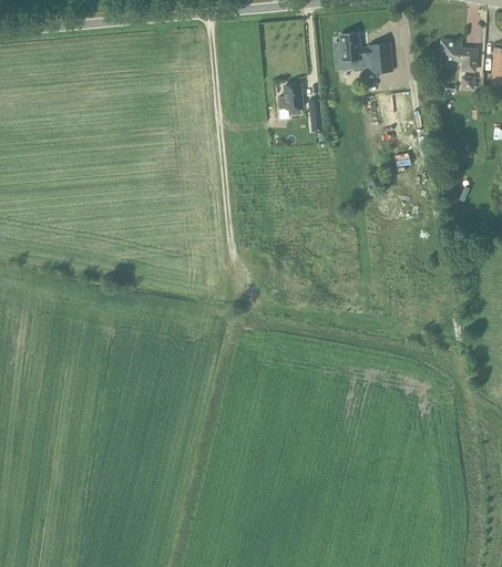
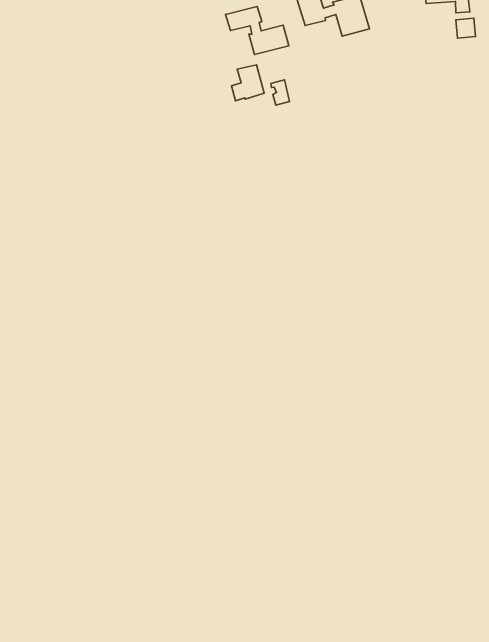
building: none -> [225,7,289,55]

